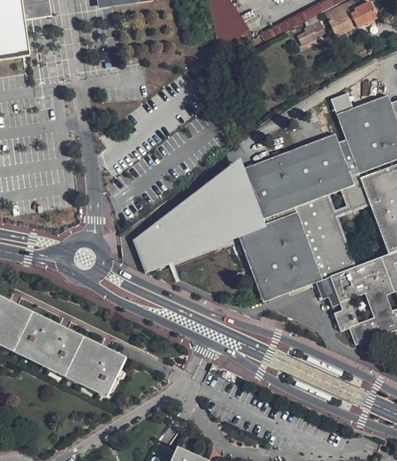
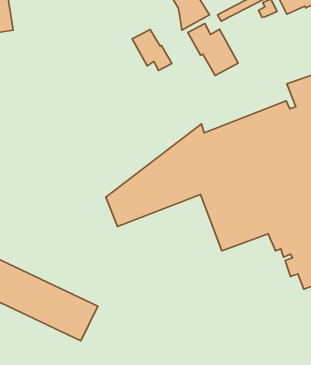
building: none -> [188,23,238,75]
building: none -> [132,29,172,70]

